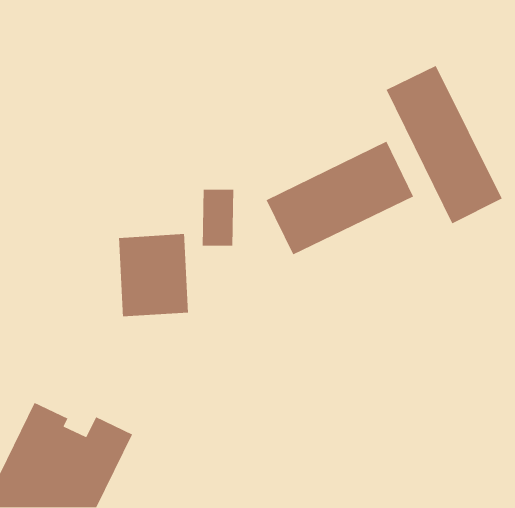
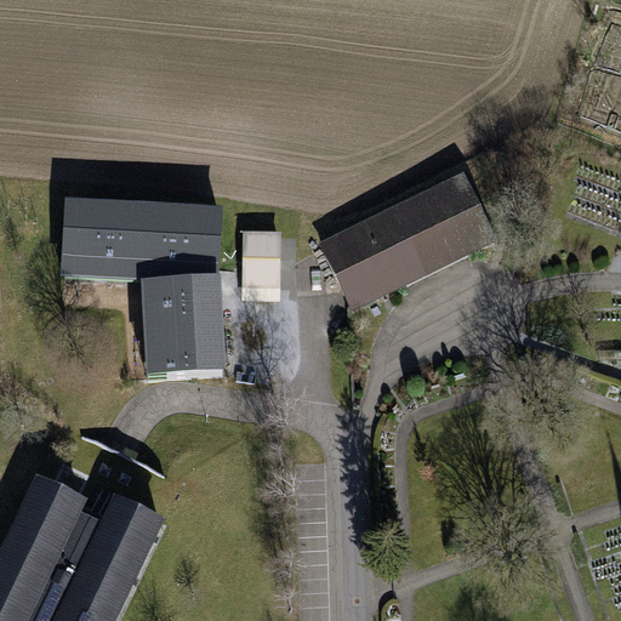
building: [385,65,503,225] -> none
building: none -> [61,199,223,280]

